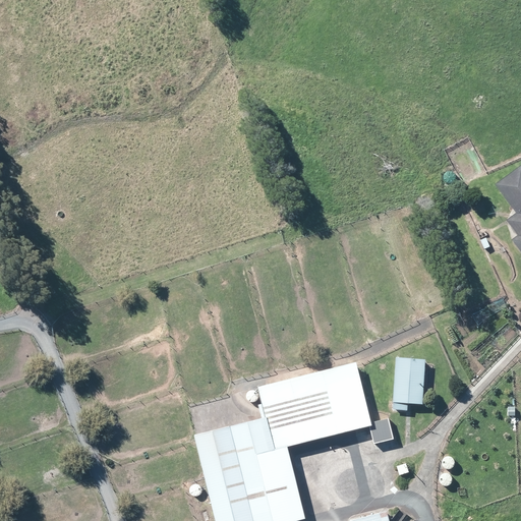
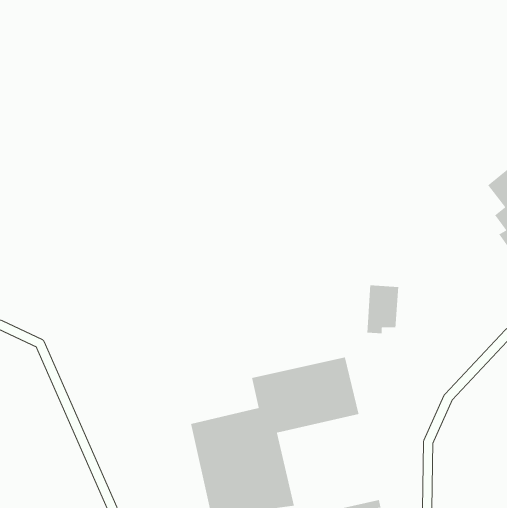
building: [394,359,427,410] -> [366,284,399,334]
building: [370,421,395,446] -> none

